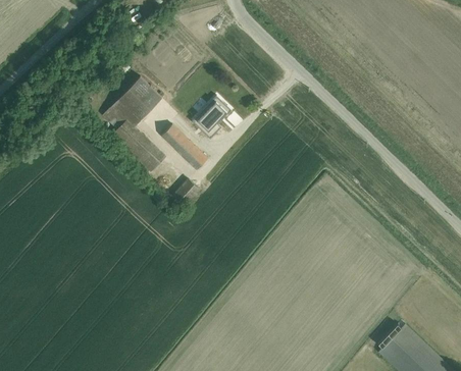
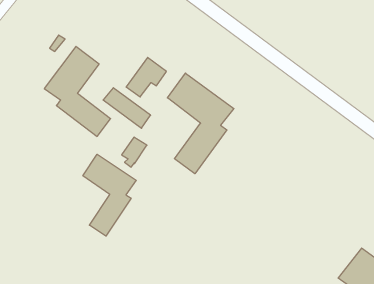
building: none -> [167,73,234,174]
building: none -> [83,154,136,236]

